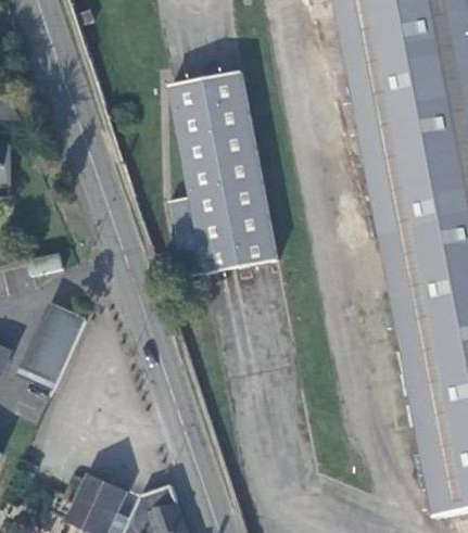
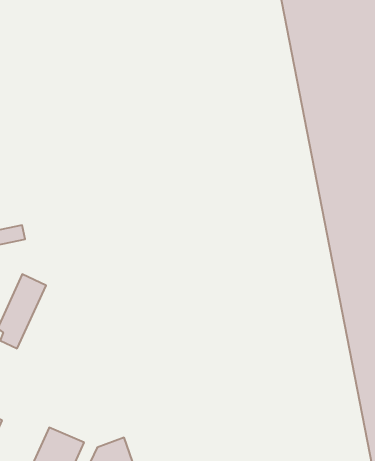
building: [169,69,276,277] -> none

